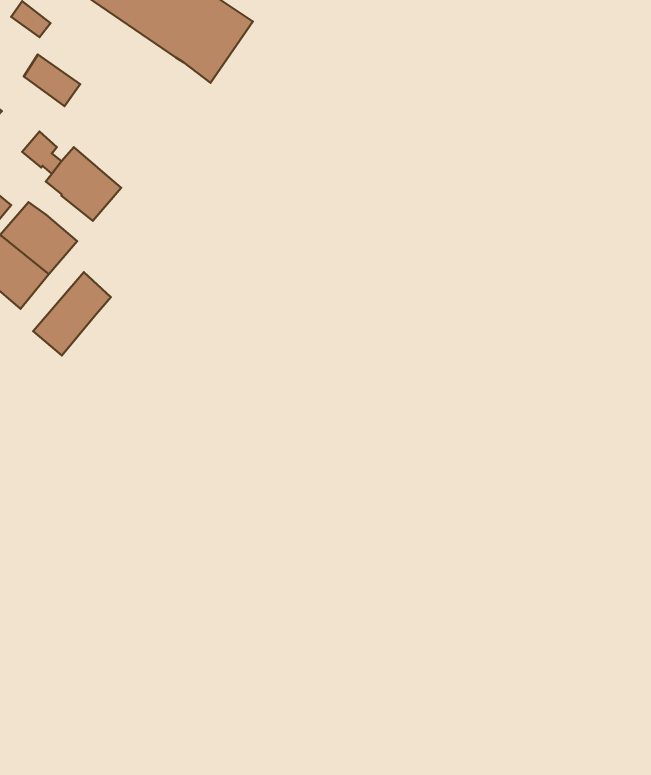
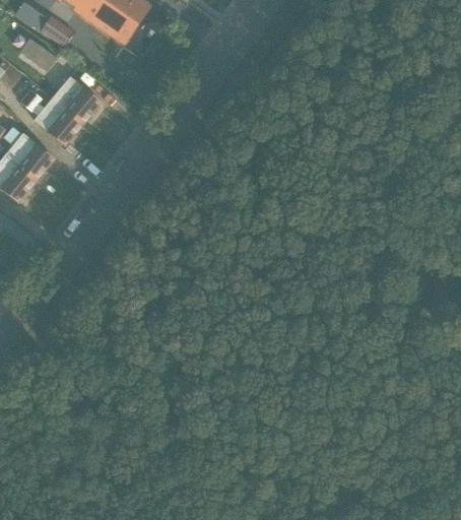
building: none -> [38,13,71,44]
building: none -> [50,74,98,122]
building: [33,272,111,356] -> none

